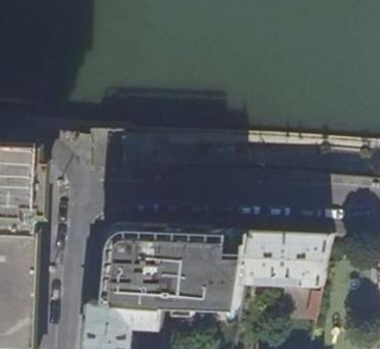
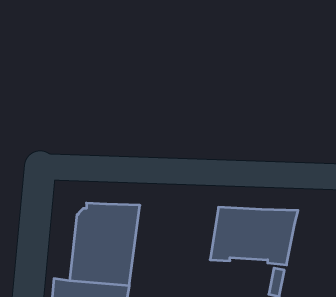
building: [161,234,249,312] -> none

